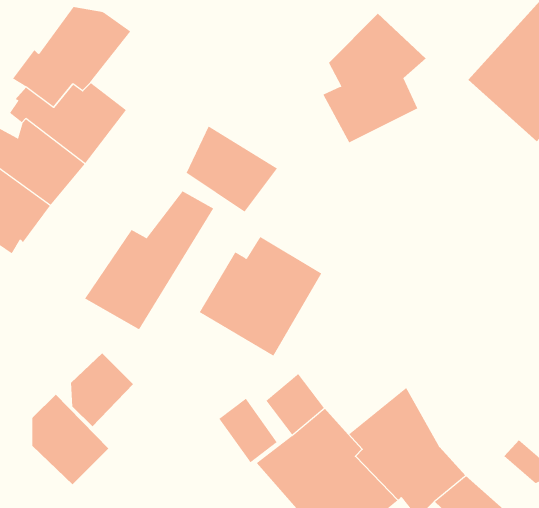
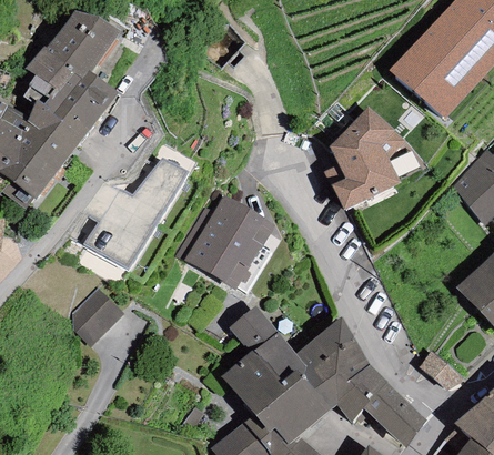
building: [323,13,426,143] -> [324,105,407,210]
building: [186,126,278,212] -> none
building: [32,394,109,485] -> none
building: [219,398,278,463] -> none

